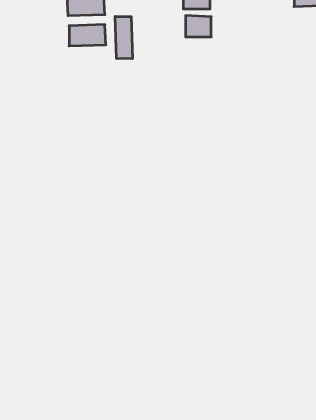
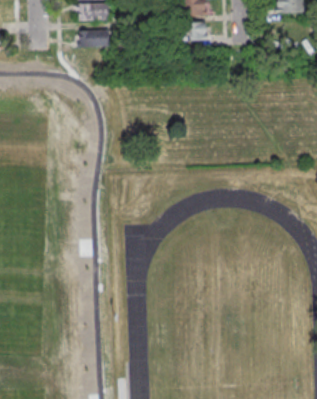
building: [115,16,132,59] -> none

